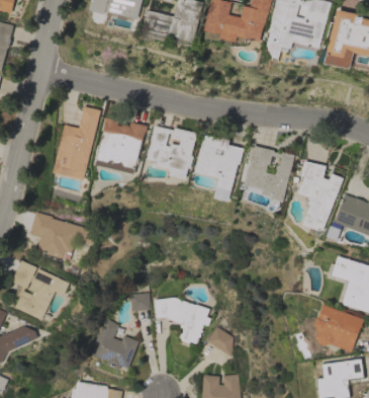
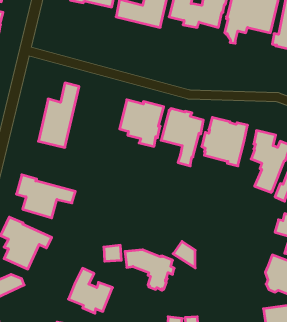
building: [95,117,148,174] -> none
building: [205,327,230,357] -> [173,241,195,268]

